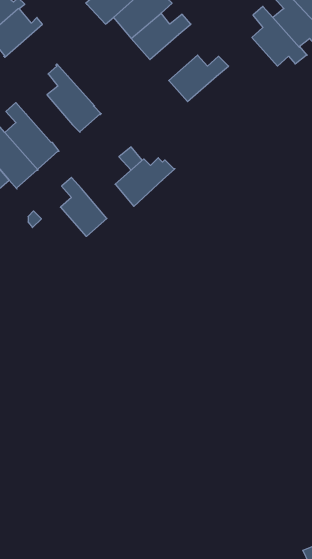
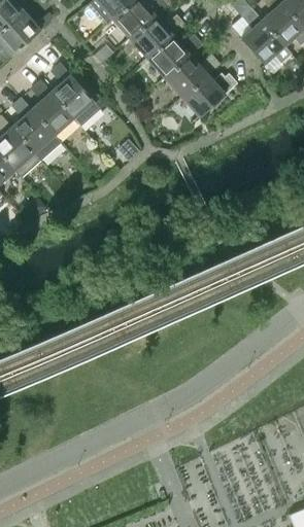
building: none -> [145,34,201,77]
building: [115,158,175,206] -> [180,72,236,117]
building: [60,177,107,236] -> [30,80,73,135]

